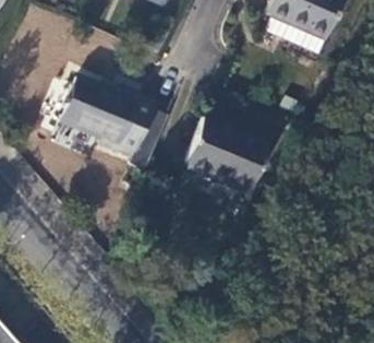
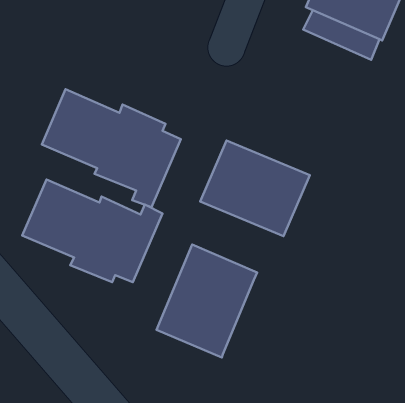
building: none -> [22,180,162,282]
building: none -> [157,245,257,358]

